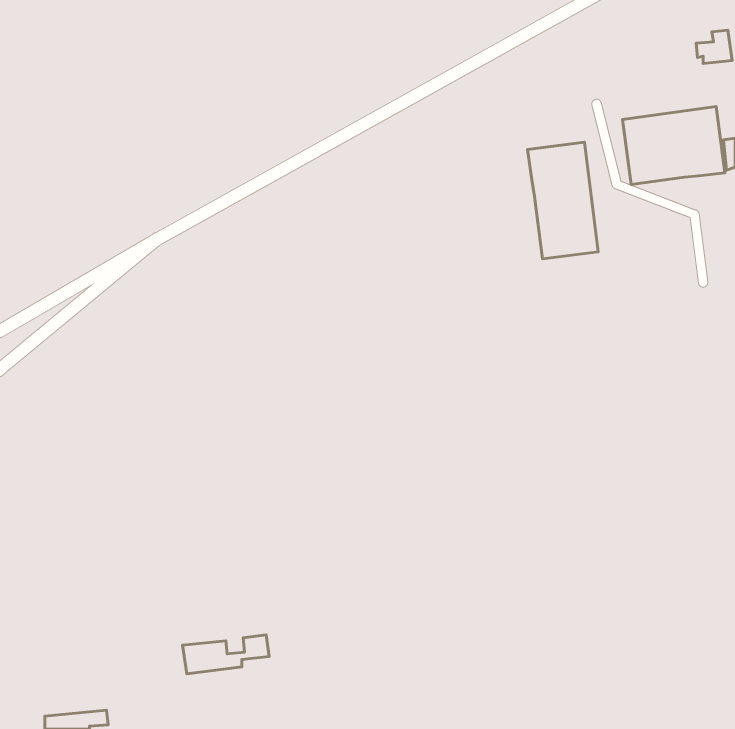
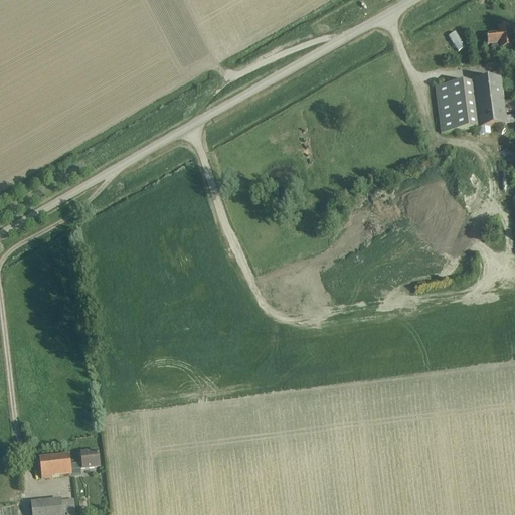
building: [528,142,598,259] -> none
building: [183,635,269,674] -> [38,448,99,475]

